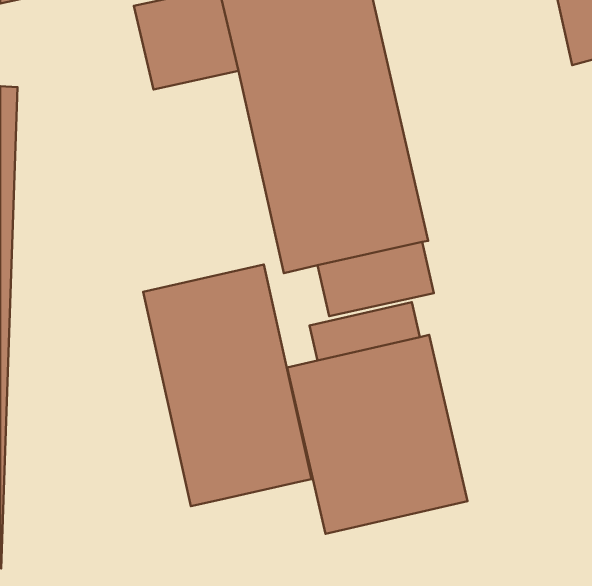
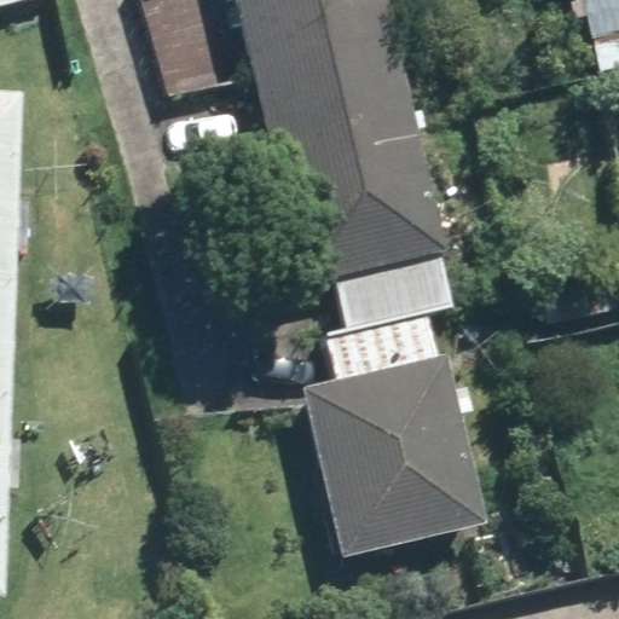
building: [143,265,312,506] -> none

